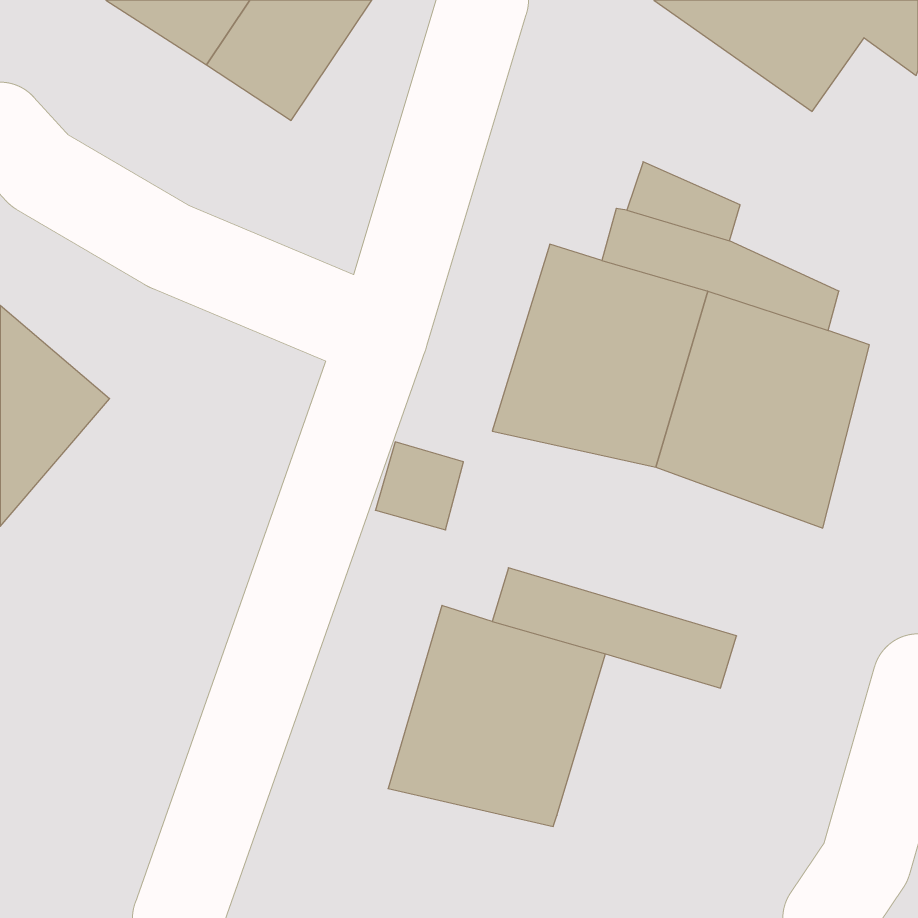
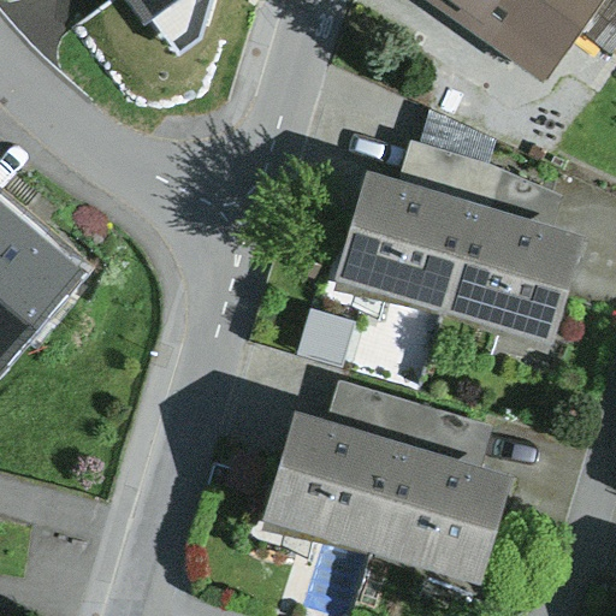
building: none -> [371,438,514,593]

